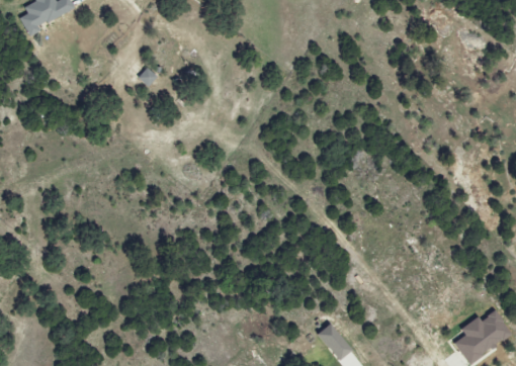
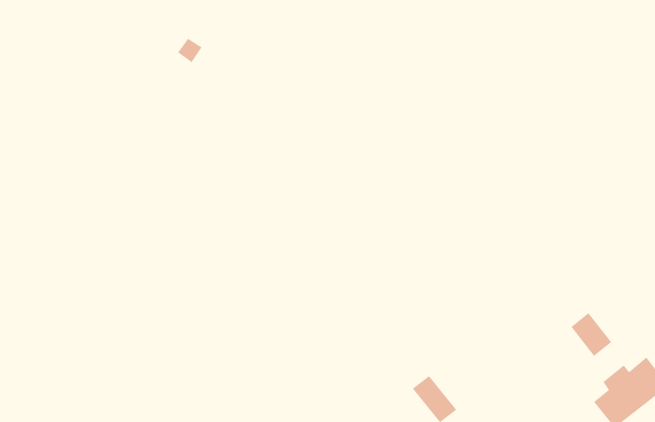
building: none -> [570,312,612,357]

